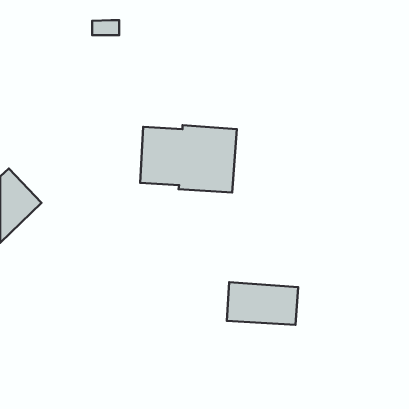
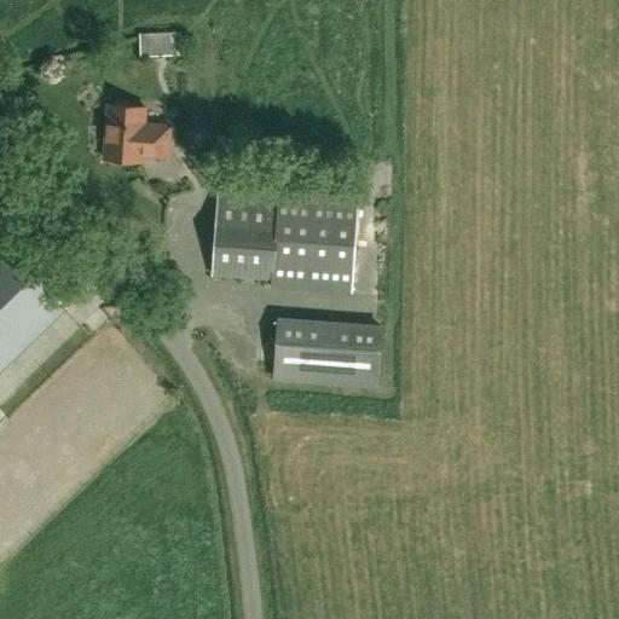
building: none -> [103,103,168,162]
building: [227,282,298,325] -> [273,319,381,383]

